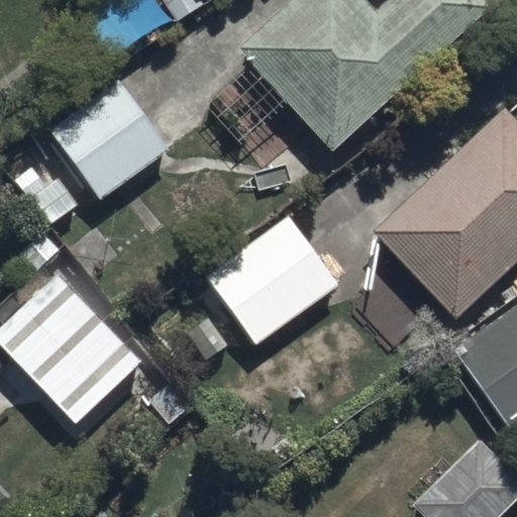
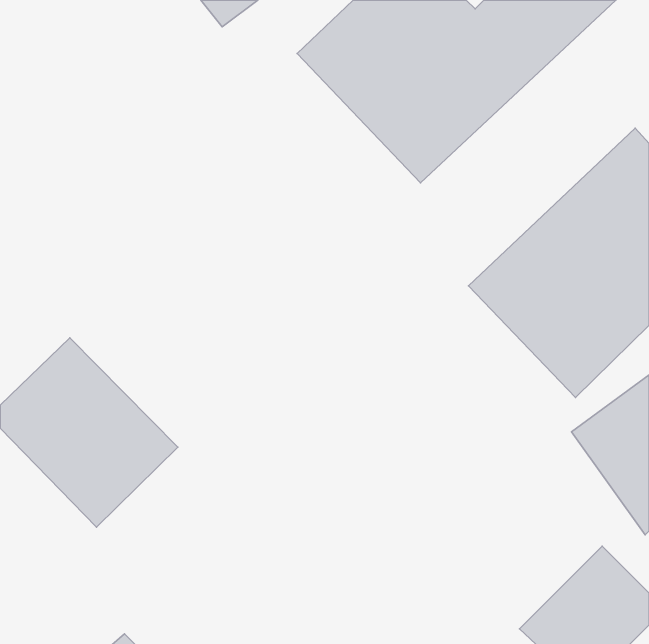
building: [30,78,171,201] -> none
building: [203,211,340,346] -> none

